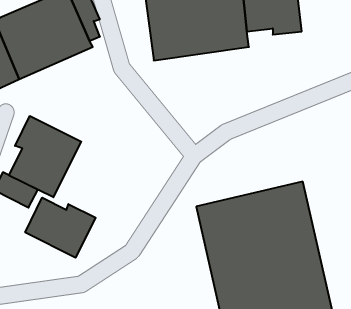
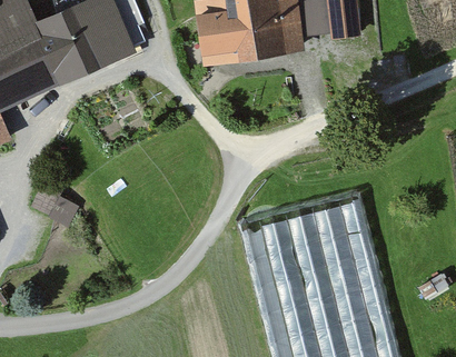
building: [9,116,81,197] -> none
building: [25,198,96,258] -> none

